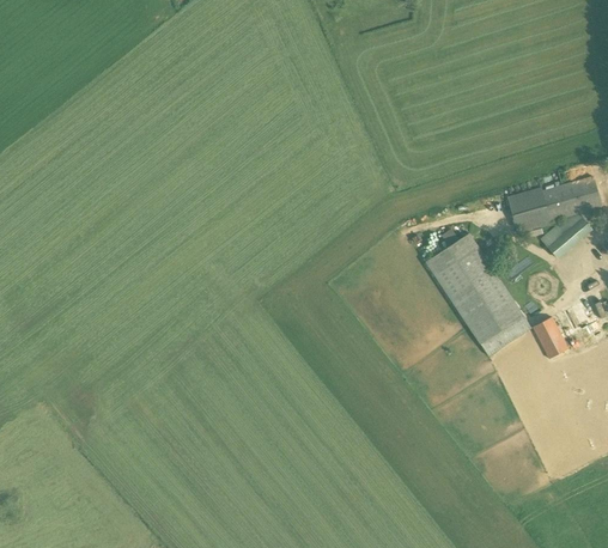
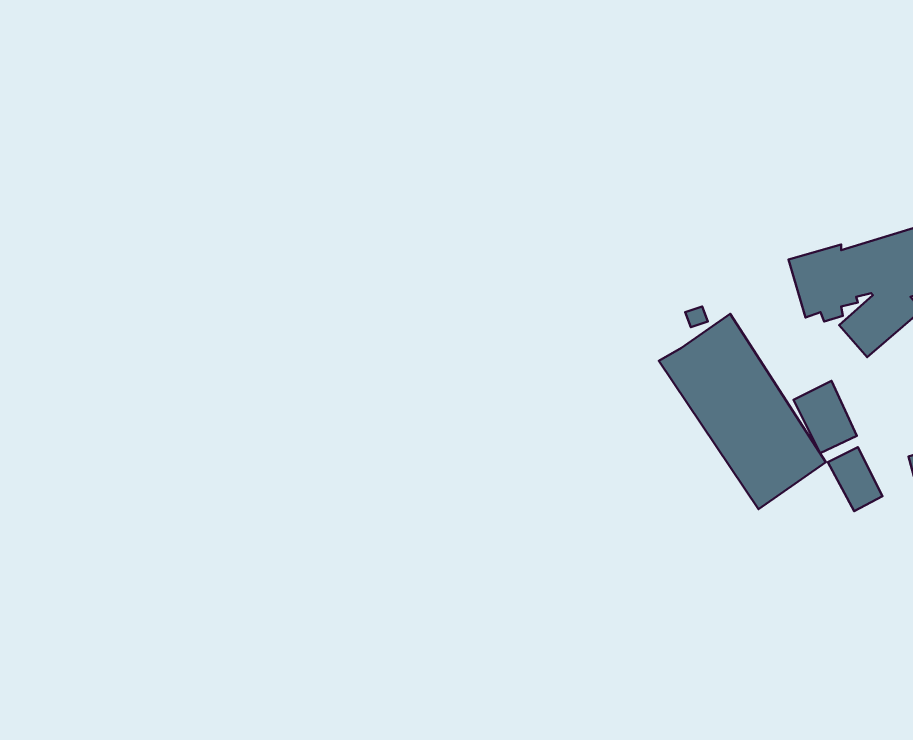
building: none -> [793,381,857,453]

